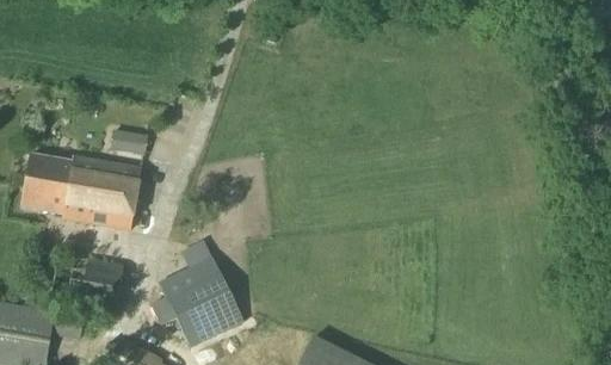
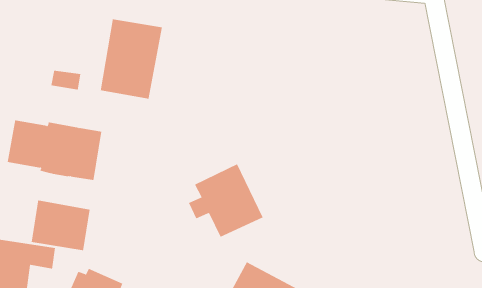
building: none -> [100,18,163,99]
building: [111,129,149,154] -> [50,70,81,90]
building: [152,255,245,347] -> [188,163,263,238]

